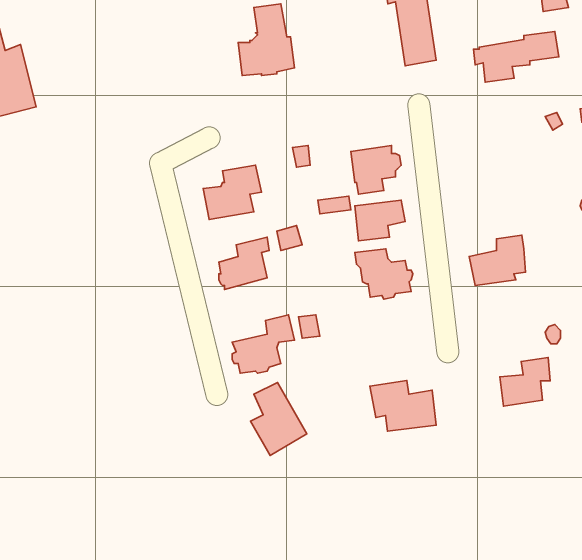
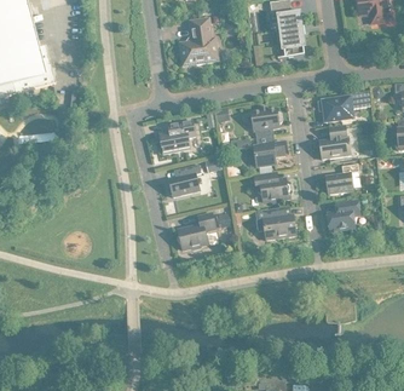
building: [473,32,559,82] -> [318,90,371,121]
building: none -> [319,125,351,159]
building: [500,357,550,406] -> [328,200,359,230]
building: [370,380,436,431] -> [255,207,296,238]
building: [251,383,307,456] -> none

